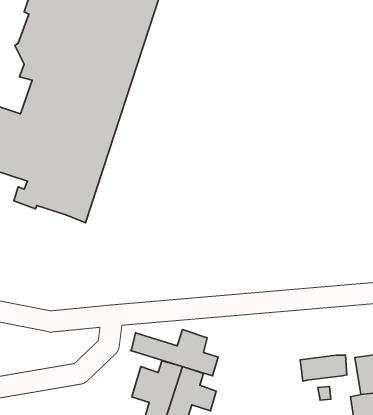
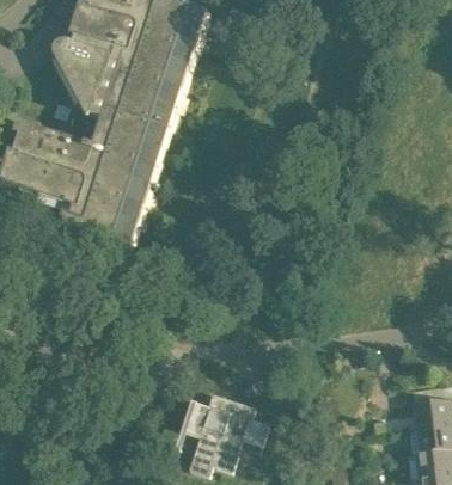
building: [131,329,218,376] -> none
building: [300,355,347,381] -> none

